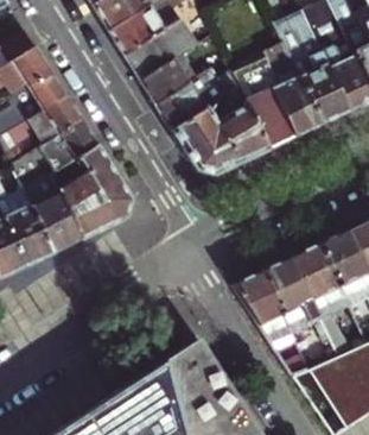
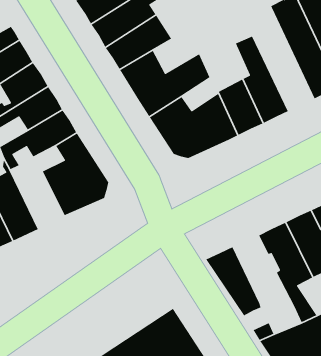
building: [279,13,352,125] -> none
building: [25,174,83,252] -> none
building: [265,258,330,338] -> none

